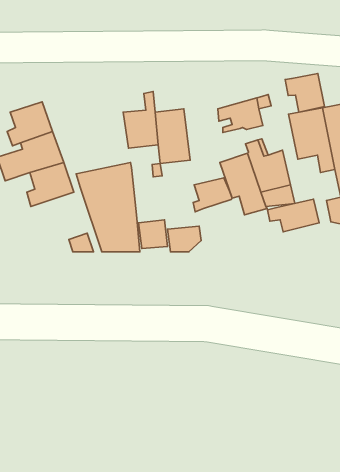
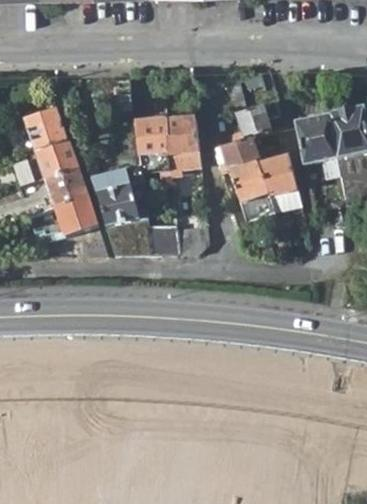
building: [285,73,324,112] -> none
building: [193,178,232,212] -> [219,137,257,170]
building: none -> [29,196,97,236]
building: [267,199,319,232] -> none

